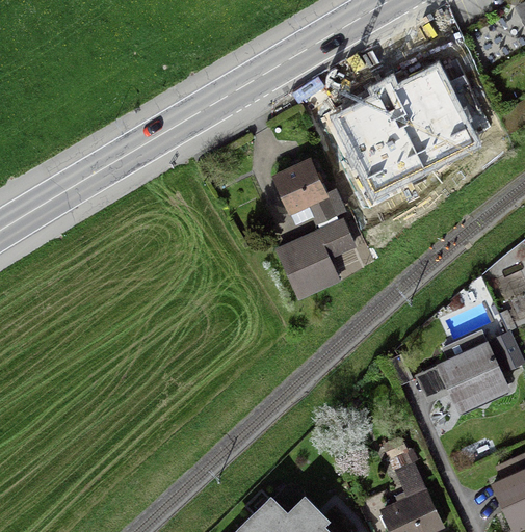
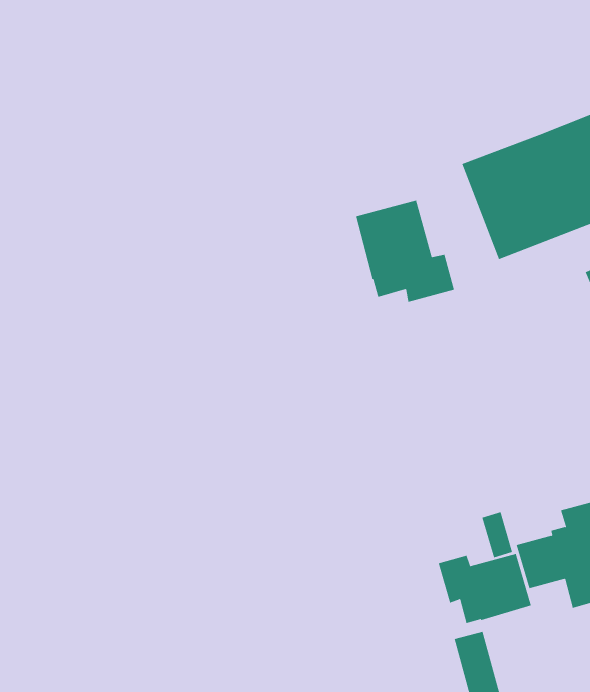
building: [274,218,358,300] -> none
building: none -> [438,553,531,624]

